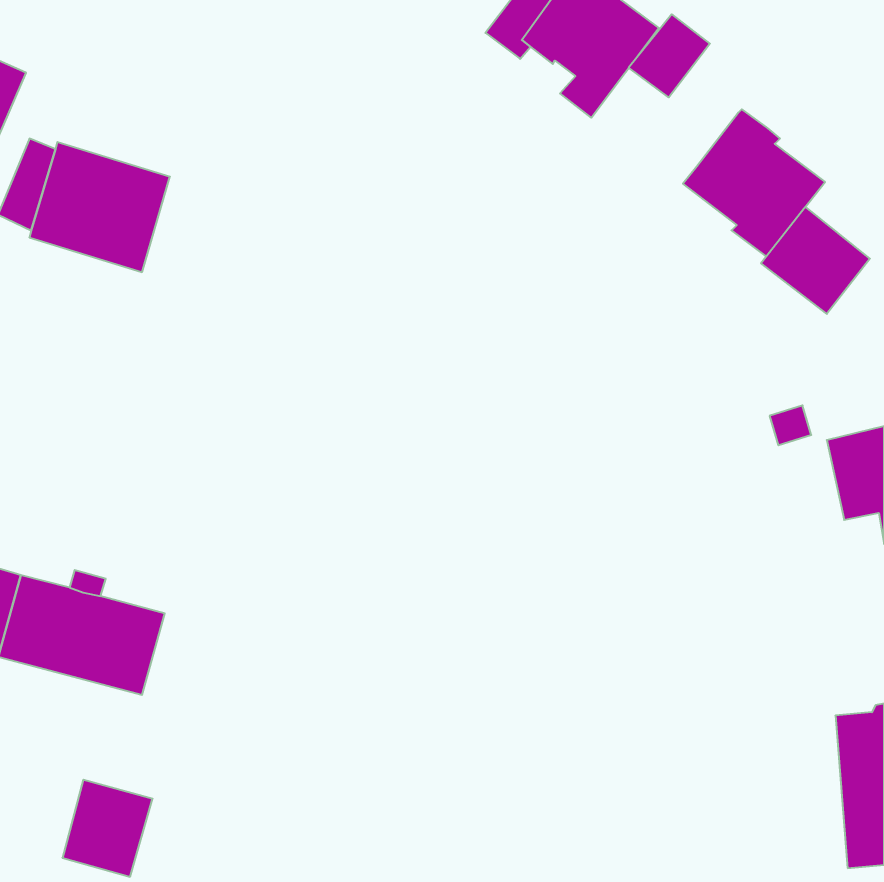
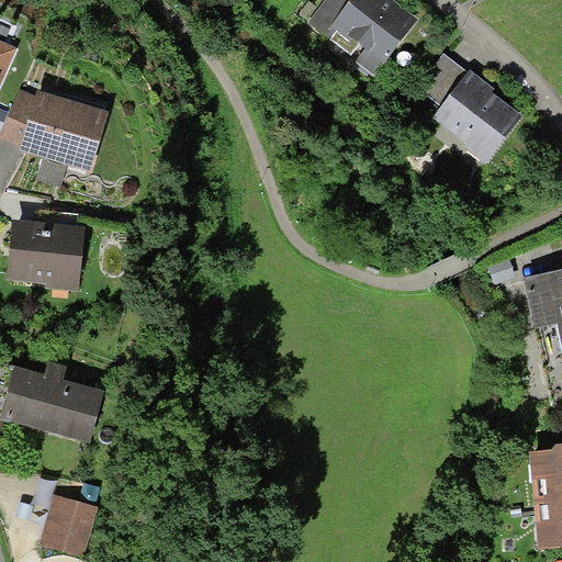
building: [629,14,710,97] -> [416,53,468,105]
building: [761,207,870,314] -> none
building: none -> [7,220,85,291]

